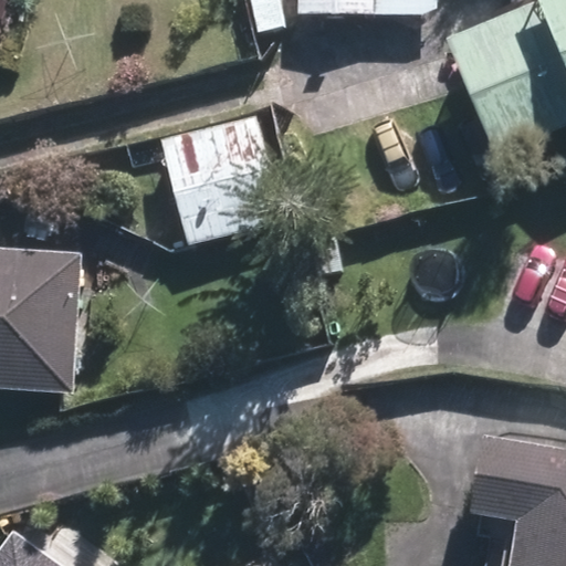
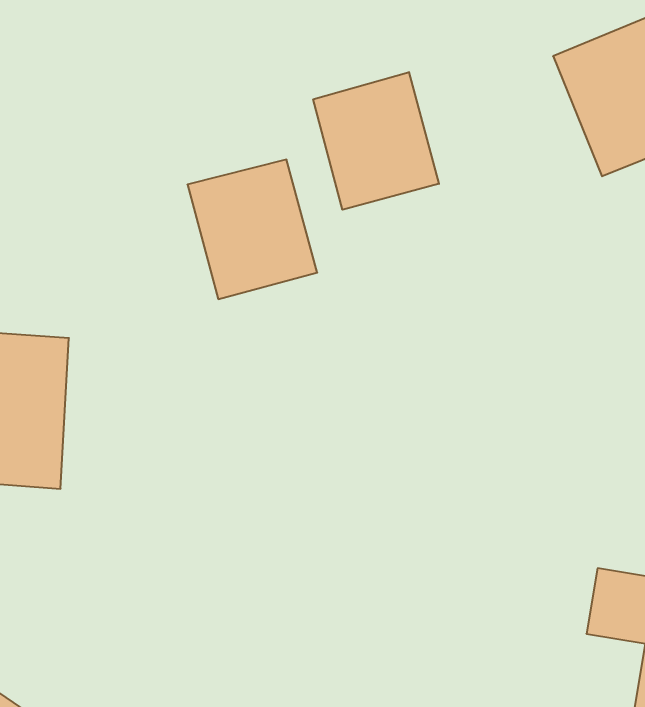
building: none -> [313,72,439,210]

